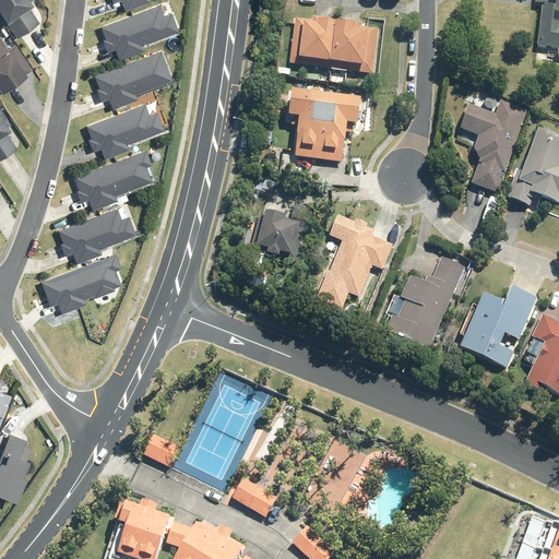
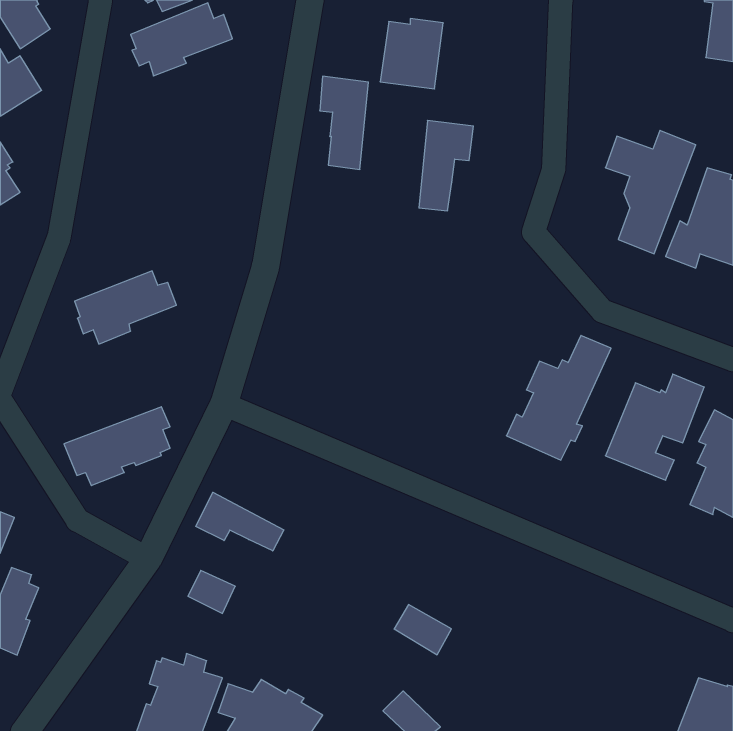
building: [331,19,378,73] -> none
building: [93,50,170,108] -> none
building: [288,88,325,159] -> [320,76,368,169]
building: [85,103,163,158] -> none
building: [72,150,151,210] -> none
building: [250,211,307,263] -> none
building: [317,216,392,310] -> none
building: [39,253,120,313] -> [64,407,170,486]
building: none -> [196,492,284,551]
building: [233,480,276,519] -> [394,605,451,655]

